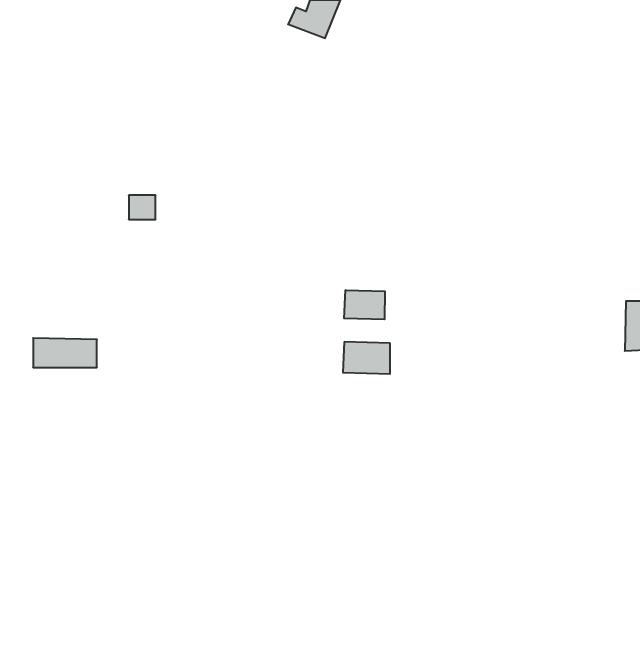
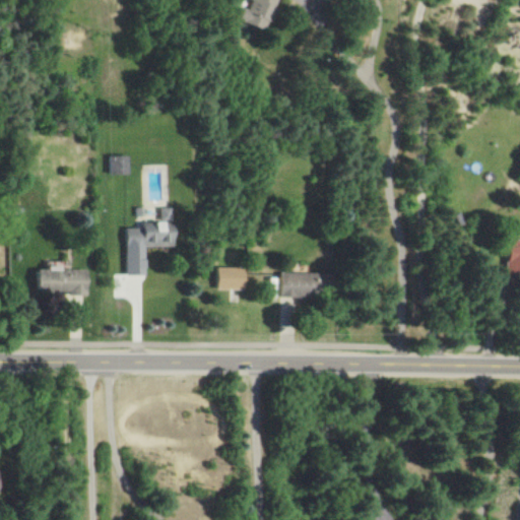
building: none -> [127,208,177,275]
building: [344,290,385,319] -> none
building: none -> [219,267,247,289]

